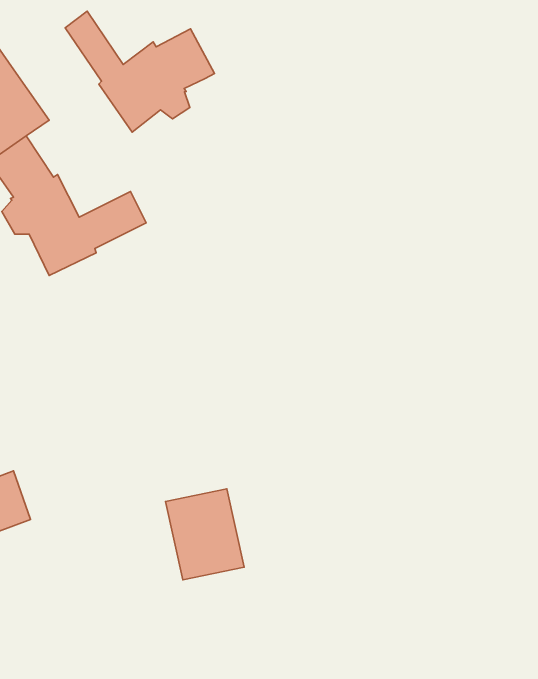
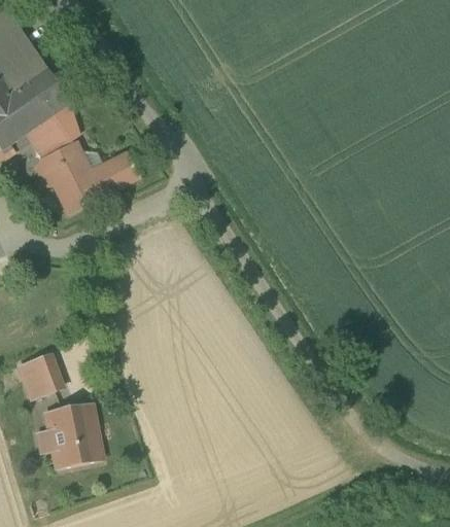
building: [65,11,214,132] -> none
building: [166,489,244,580] -> [45,402,102,468]

